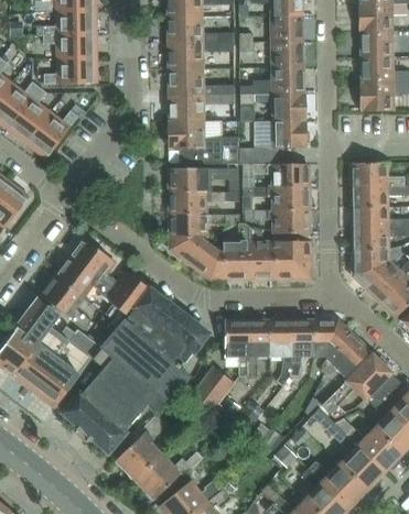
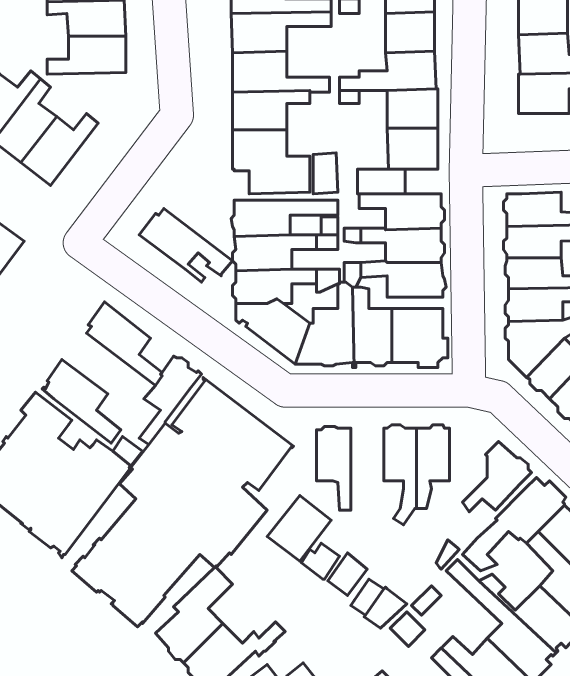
building: [54,258,117,307] -> [139,208,233,282]
building: [248,319,270,376] -> none
building: [314,319,347,371] -> none

